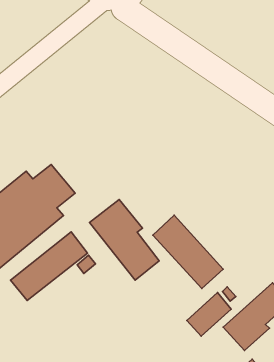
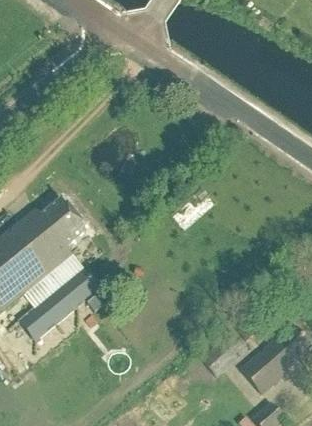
building: [90,199,159,280] -> none
building: [153,215,223,288] -> none

